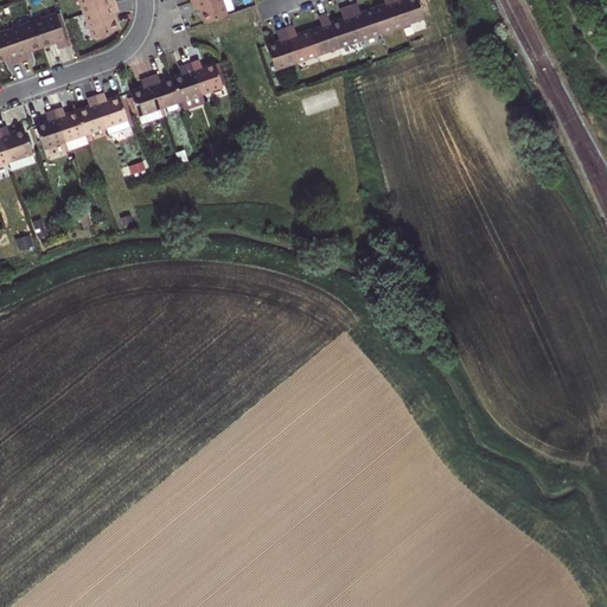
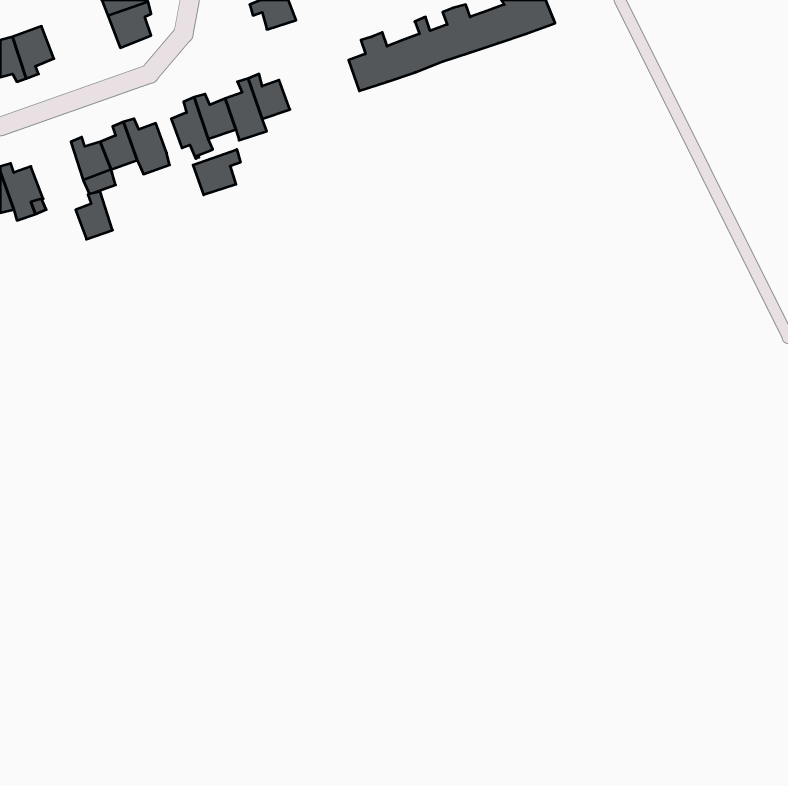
building: [32,13,68,47] -> none
building: [36,110,64,147] -> [76,191,113,239]
building: none -> [193,149,240,195]

